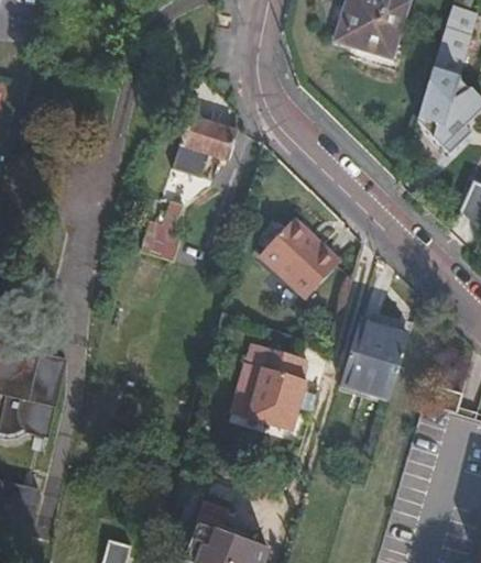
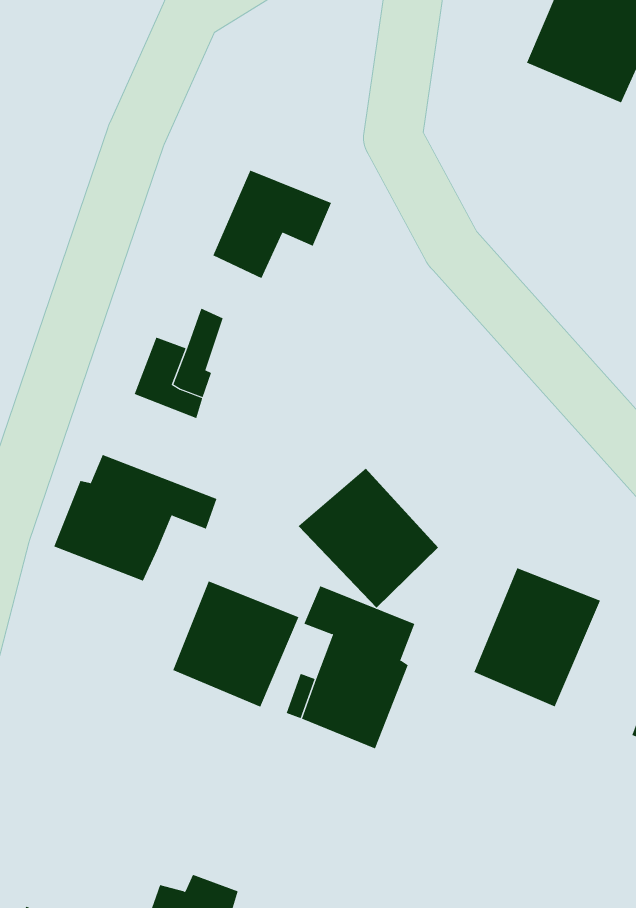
building: [259,221,338,298] -> [298,468,439,608]
building: none -> [54,454,217,582]
building: none -> [172,581,299,707]

